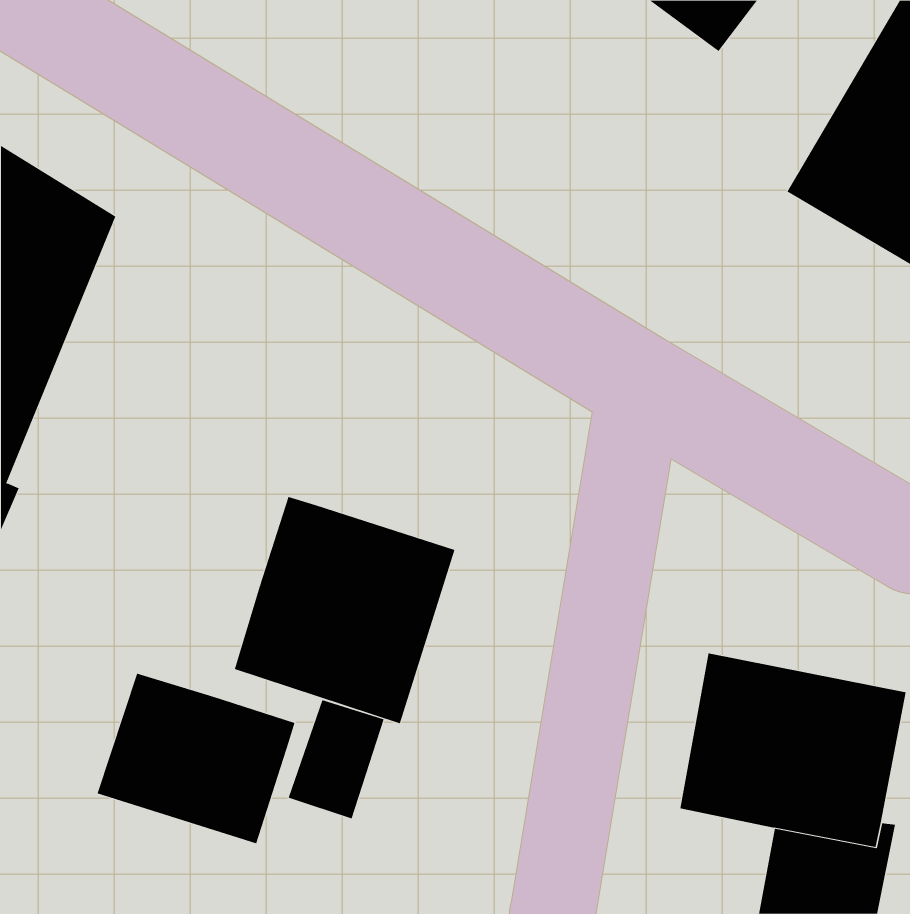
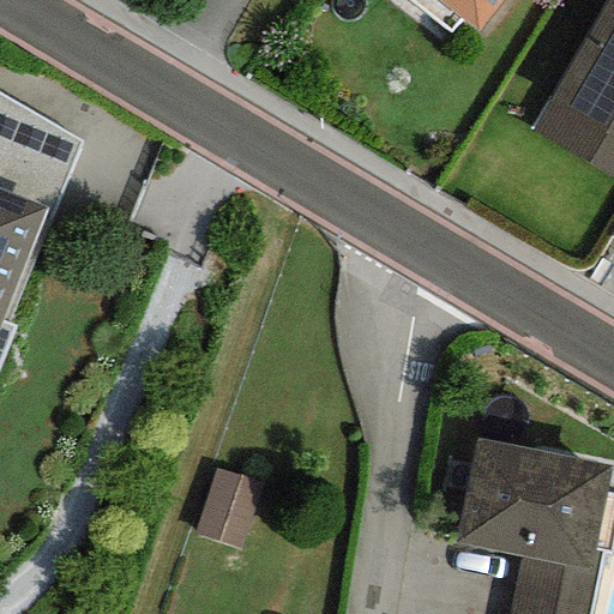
building: [234,496,455,724] -> none
building: [97,673,295,844] -> none

